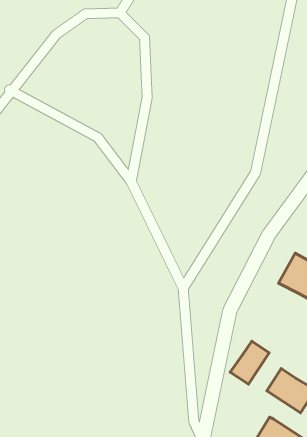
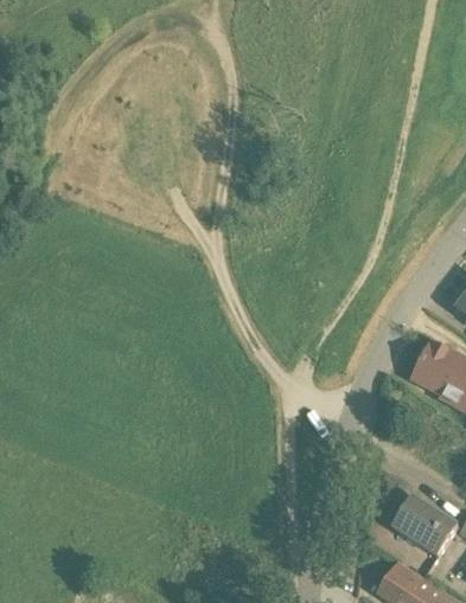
building: [230,341,269,384] -> none

